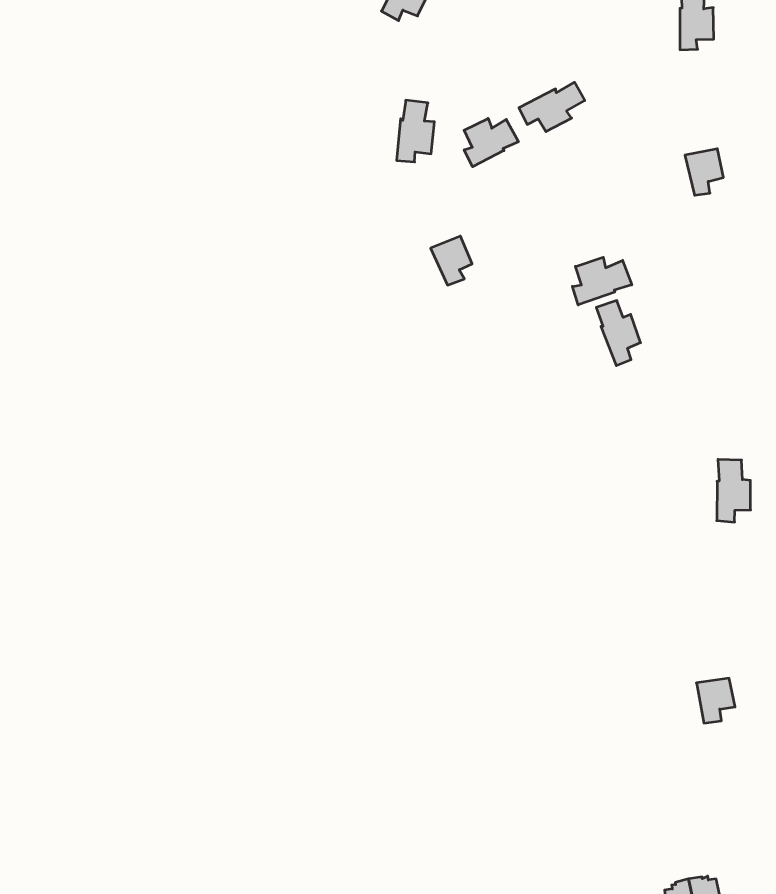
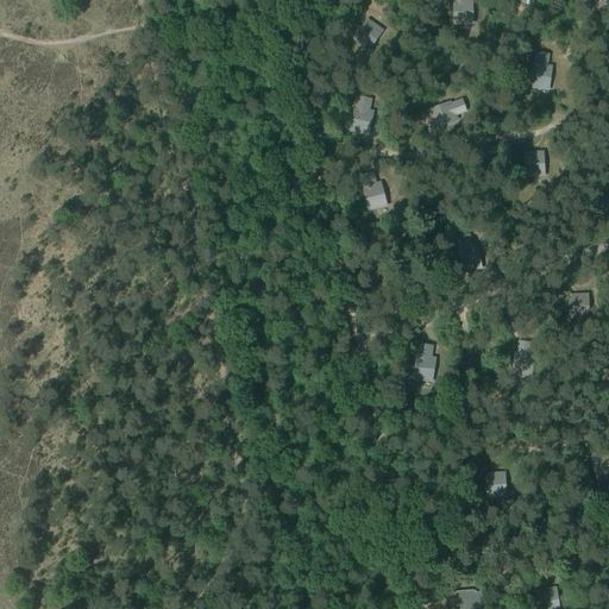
building: [464,118,518,167] -> none
building: [572,257,632,305] -> none
building: none -> [413,343,437,382]

